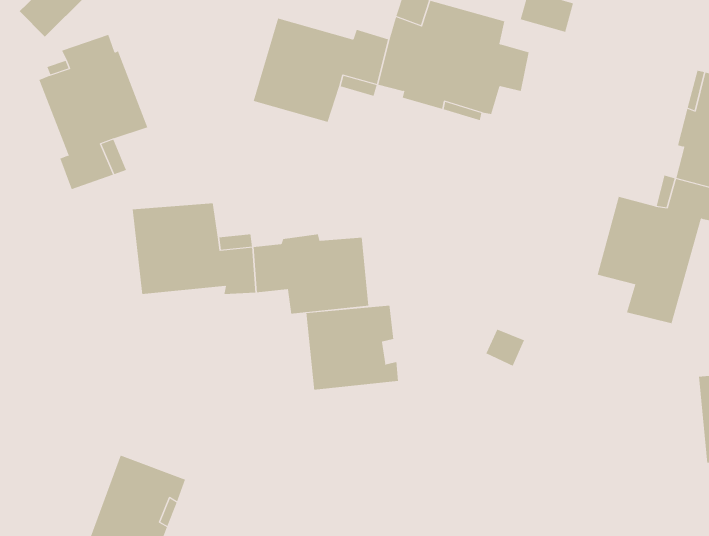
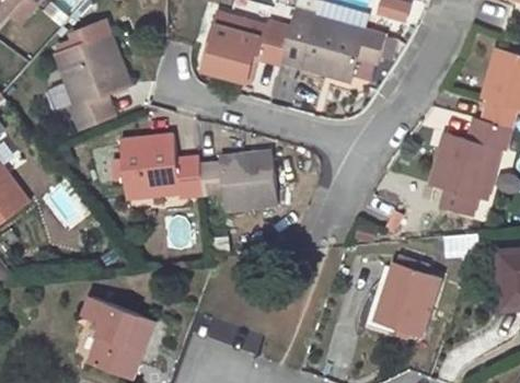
building: [306,305,399,391] -> none
building: none -> [375,264,439,336]

